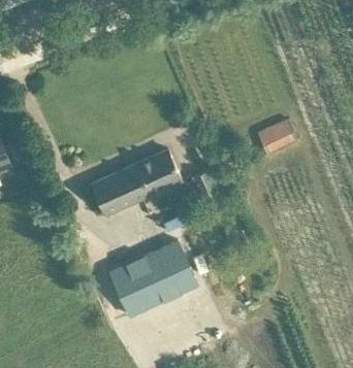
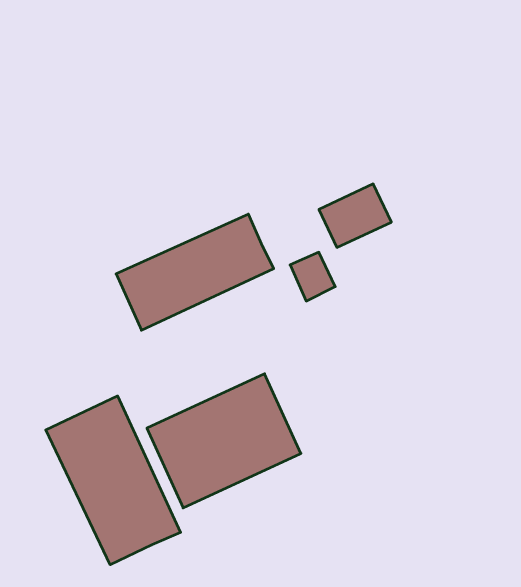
building: [256,119,297,155] -> [319,184,391,247]
building: none -> [46,396,181,565]

